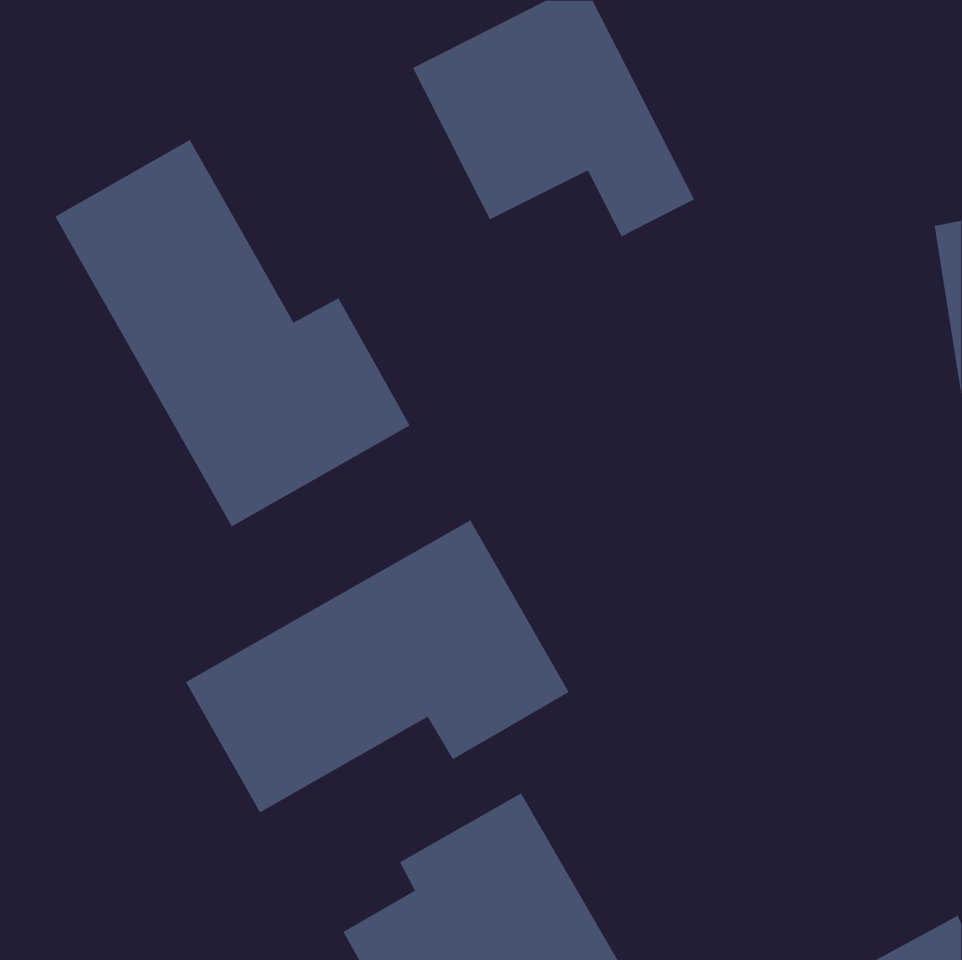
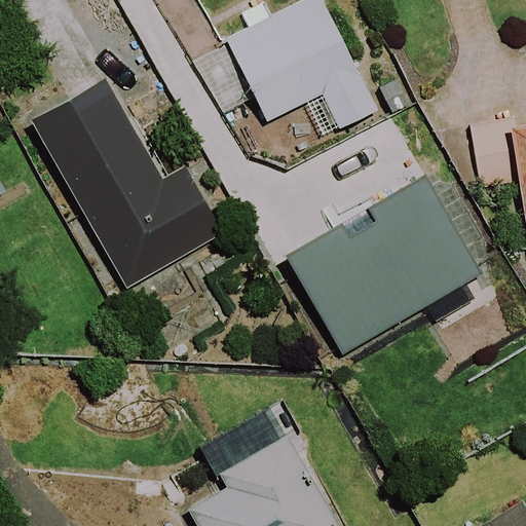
building: none -> [285,174,482,353]
building: [185,519,569,813] -> none

